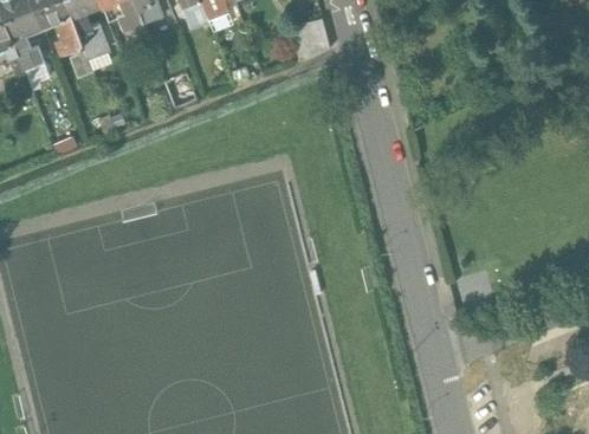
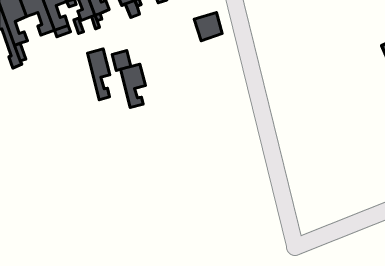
building: none -> [87,49,110,100]
building: none -> [121,64,145,108]

